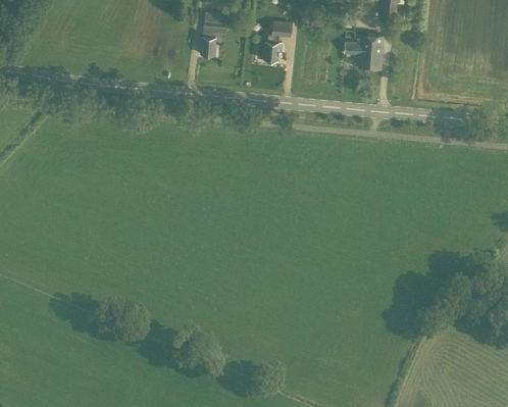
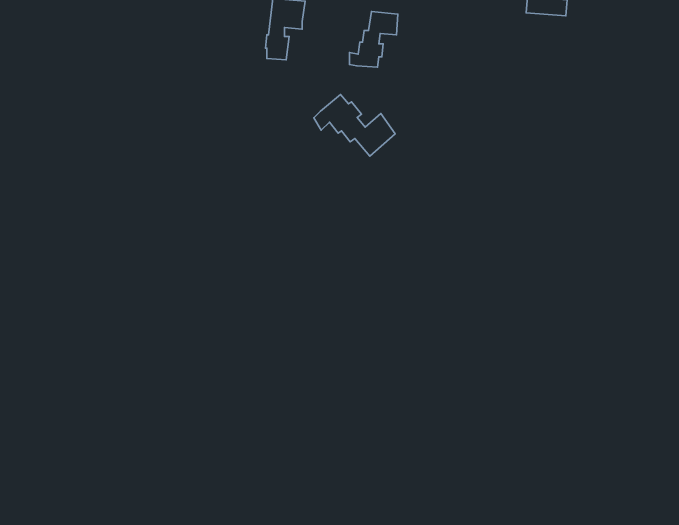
building: [344,35,383,68] -> none
building: none -> [314,94,395,156]

